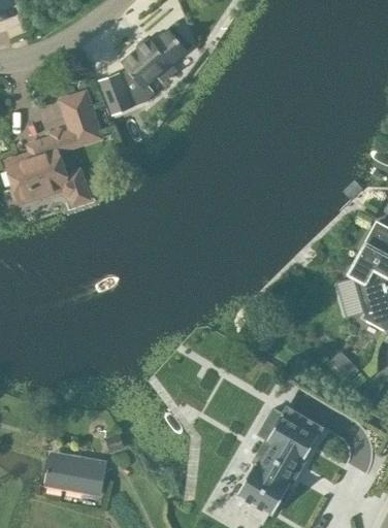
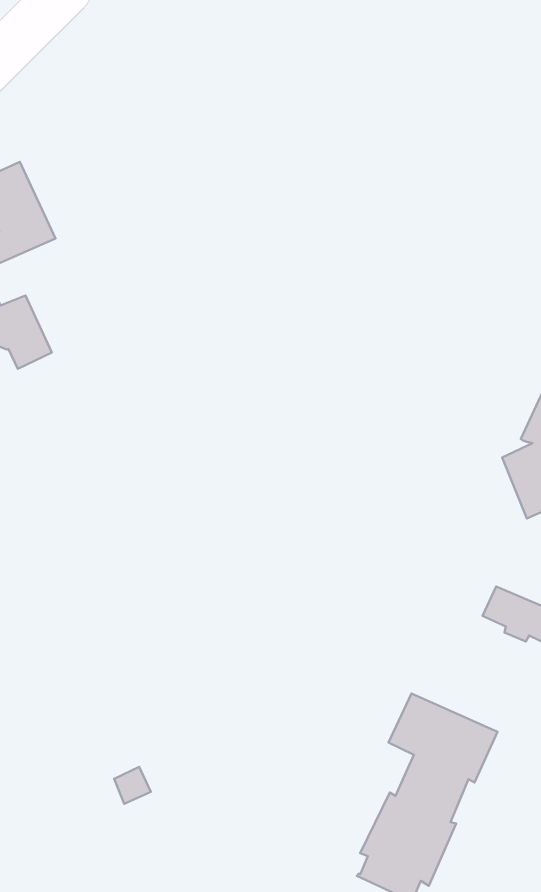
building: [100,30,187,113] -> none
building: [46,452,105,494] -> none

